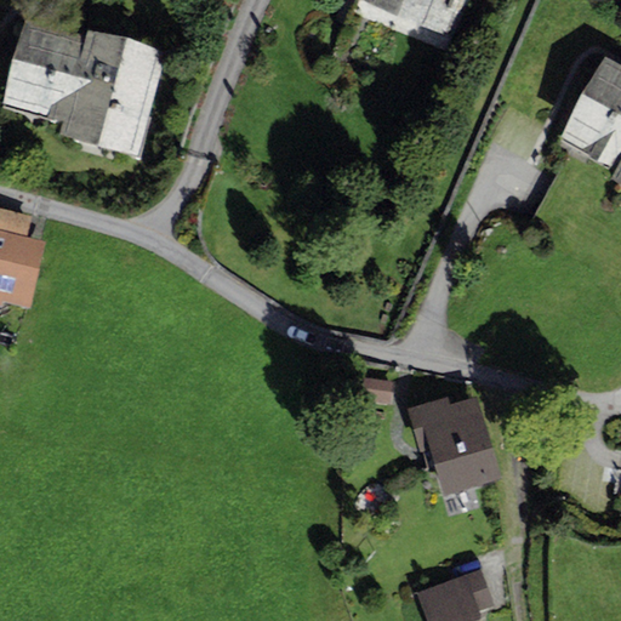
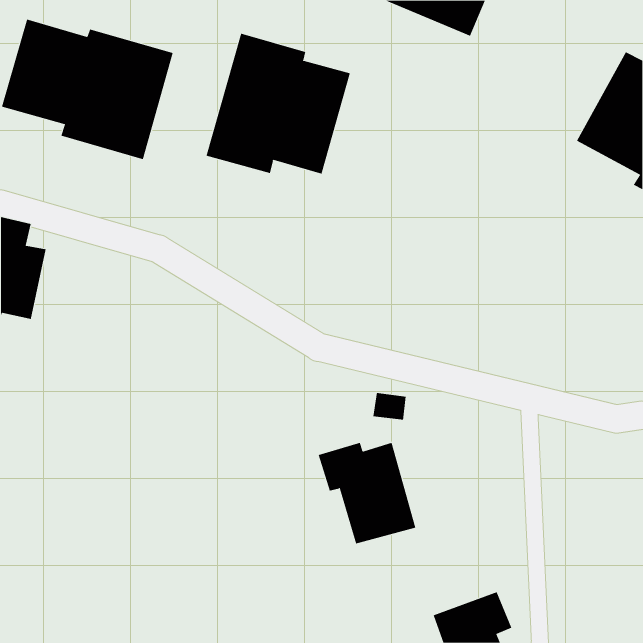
building: none -> [206,33,351,175]
building: [406,397,501,495] -> [318,442,416,544]

